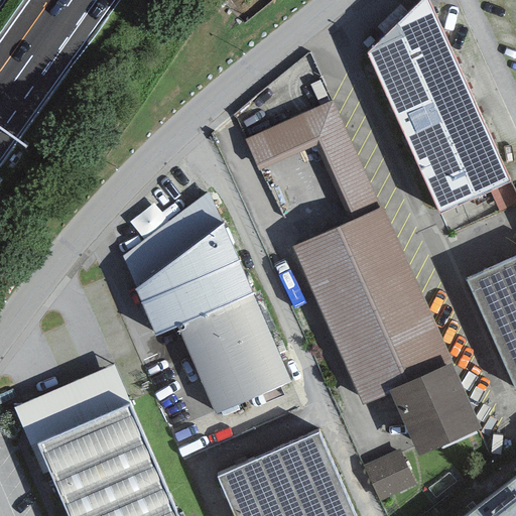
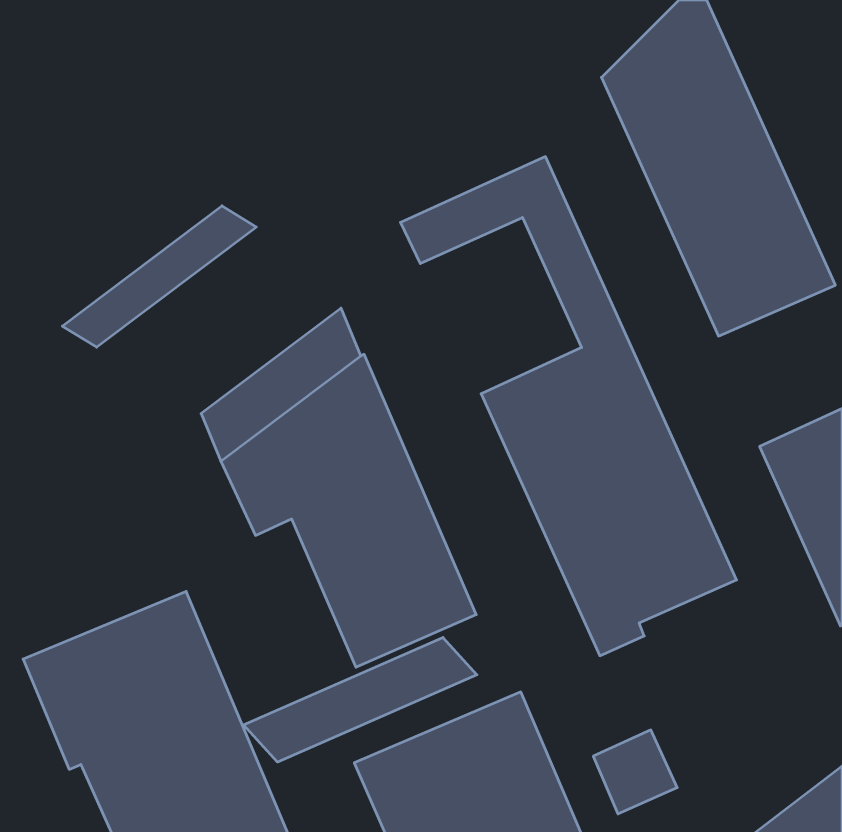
building: none -> [62,206,256,347]
building: [391,361,480,453] -> none
building: none -> [244,637,477,762]

